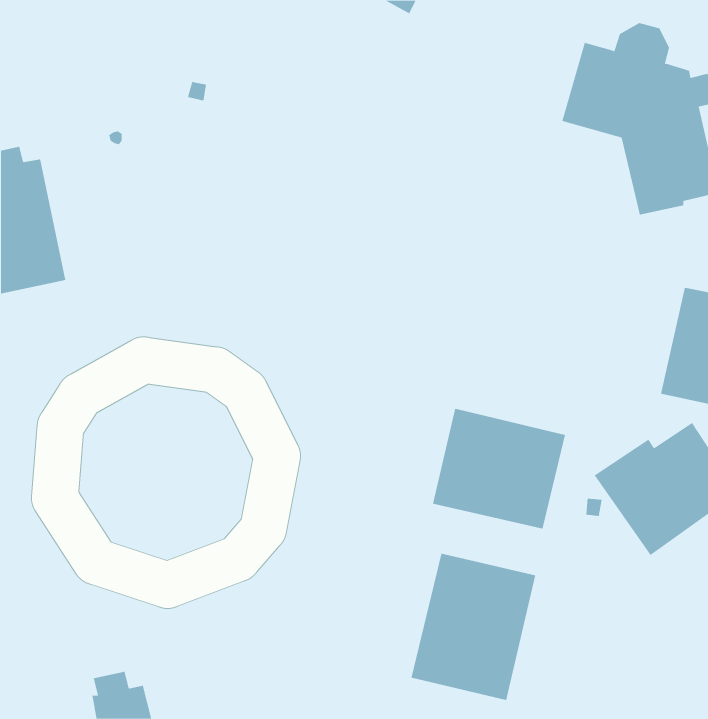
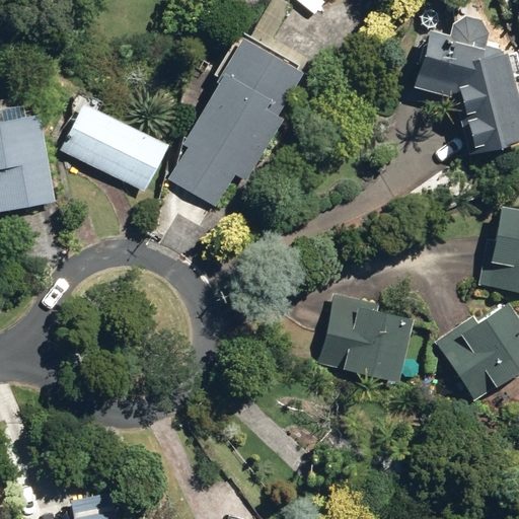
building: none -> [171,41,302,212]
building: none -> [60,103,168,191]
building: [411,553,536,701] -> none

